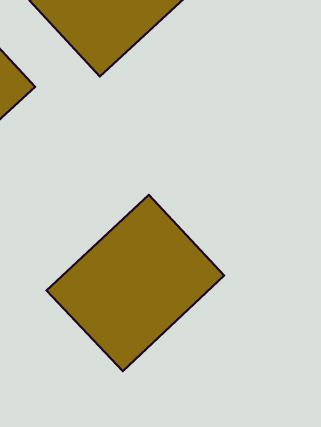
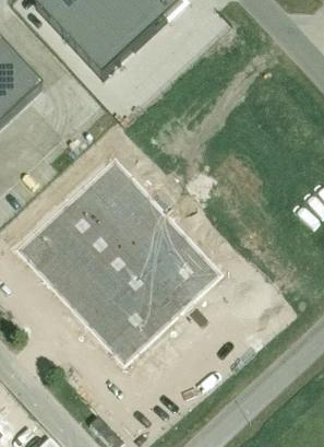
building: none -> [15,156,149,286]

